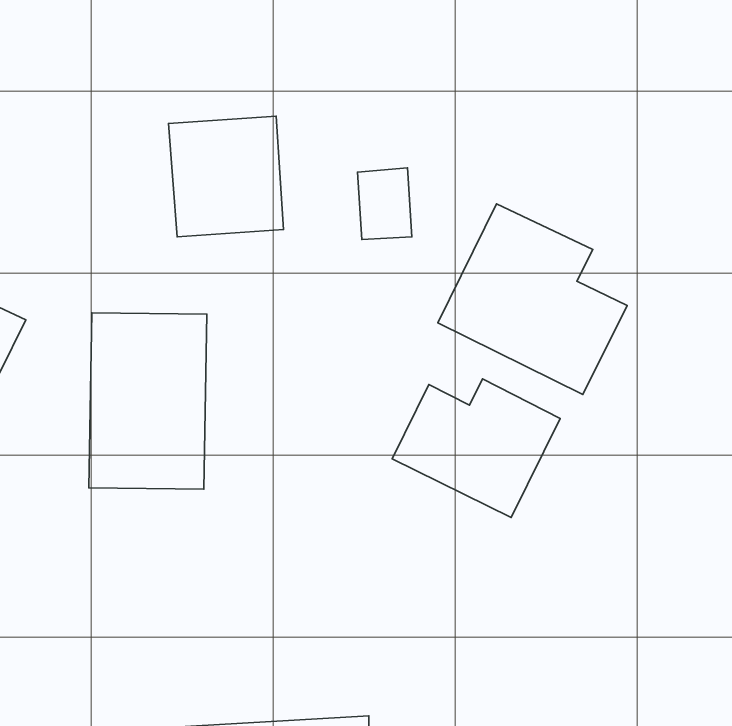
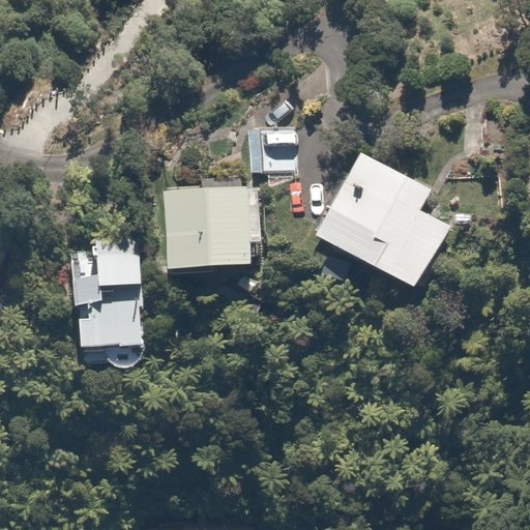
building: [169,116,283,237] -> [163,184,245,271]
building: [392,379,560,518] -> none

